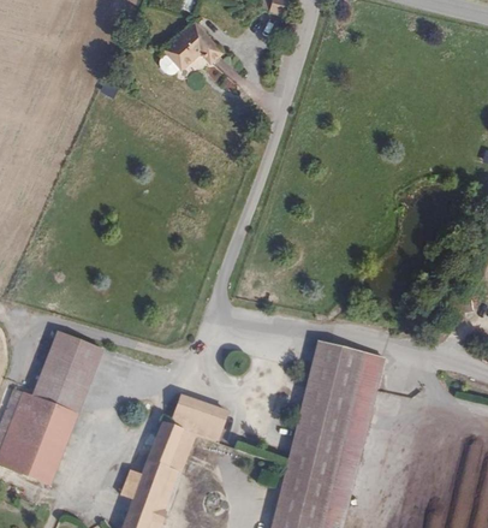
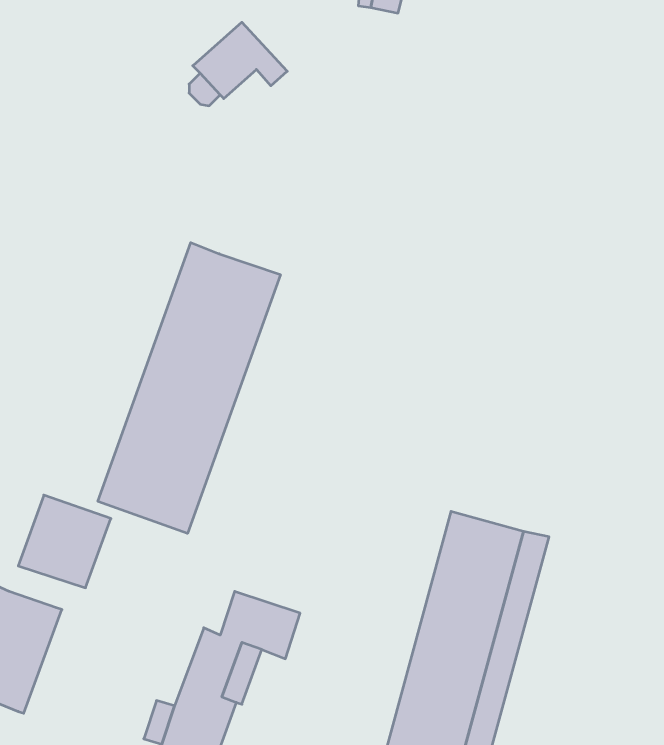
building: none -> [98,243,280,533]
building: [32,379,83,411] -> none

